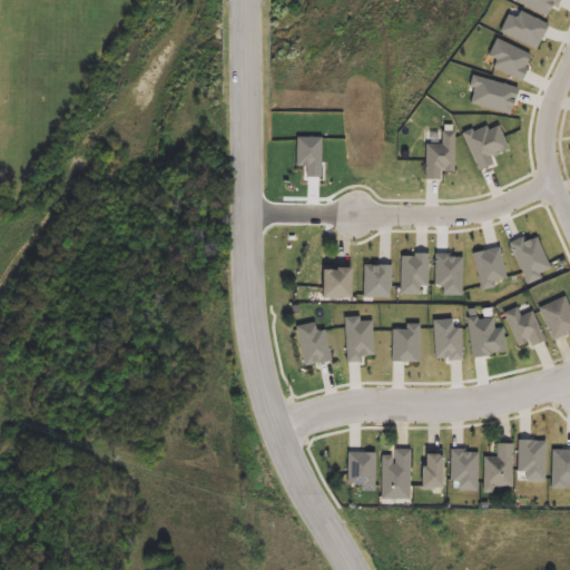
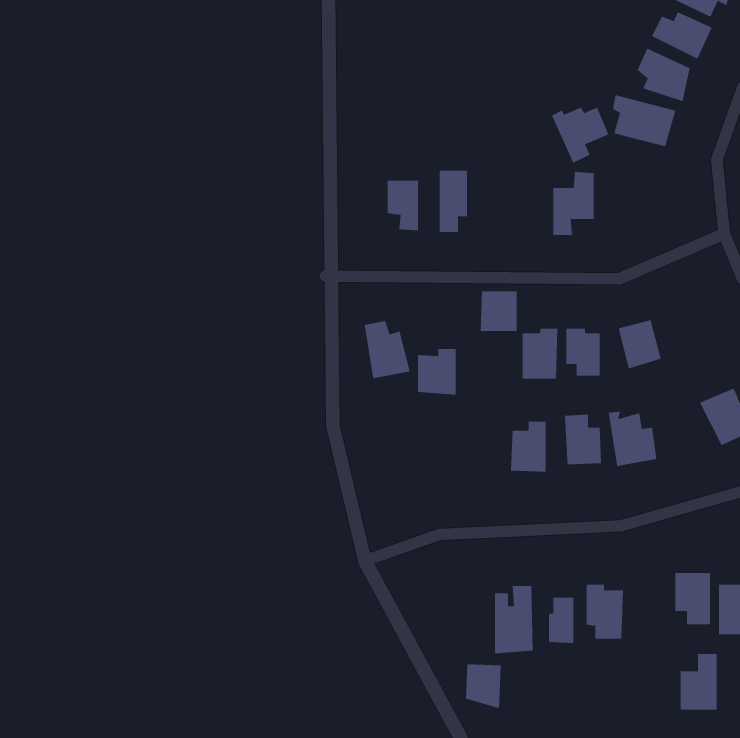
building: [464,127,509,170] -> [551,107,609,163]
building: none -> [439,170,467,233]
building: [509,235,553,281] -> none
building: [364,264,393,295] -> [480,291,517,331]
building: [503,308,544,347] -> none
building: [345,316,375,361] -> none
building: [297,323,333,367] -> [364,321,410,379]
building: [483,445,512,489] -> [680,653,718,710]
building: [347,451,375,485] -> [465,664,501,709]

